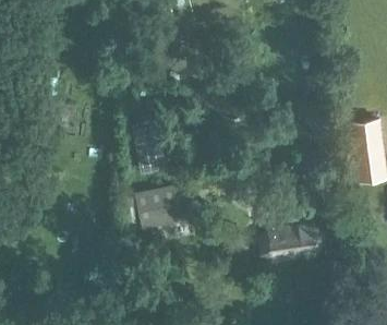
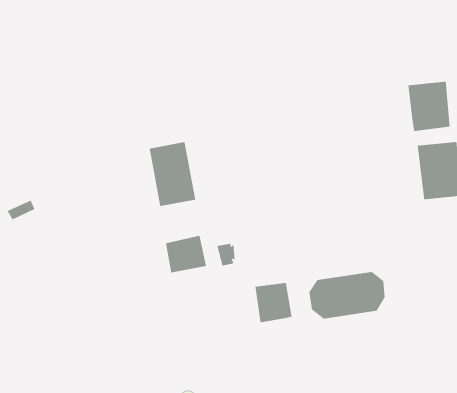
building: none -> [408,81,450,132]
building: none -> [255,282,292,323]

